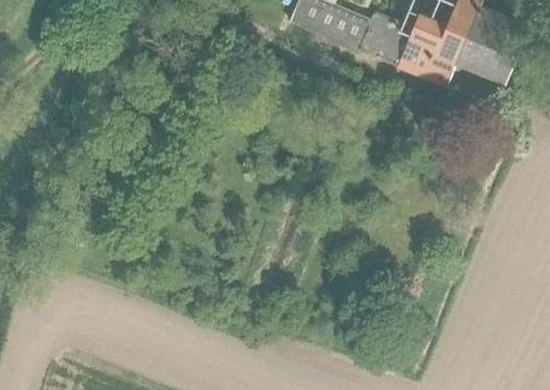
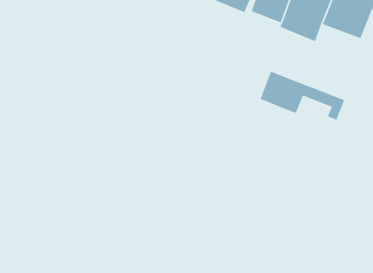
building: none -> [260,70,345,121]

